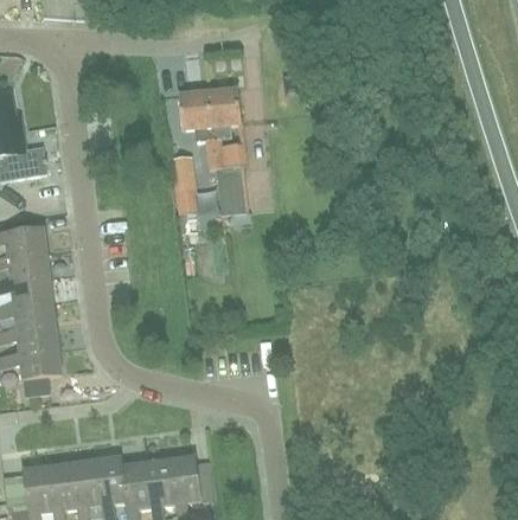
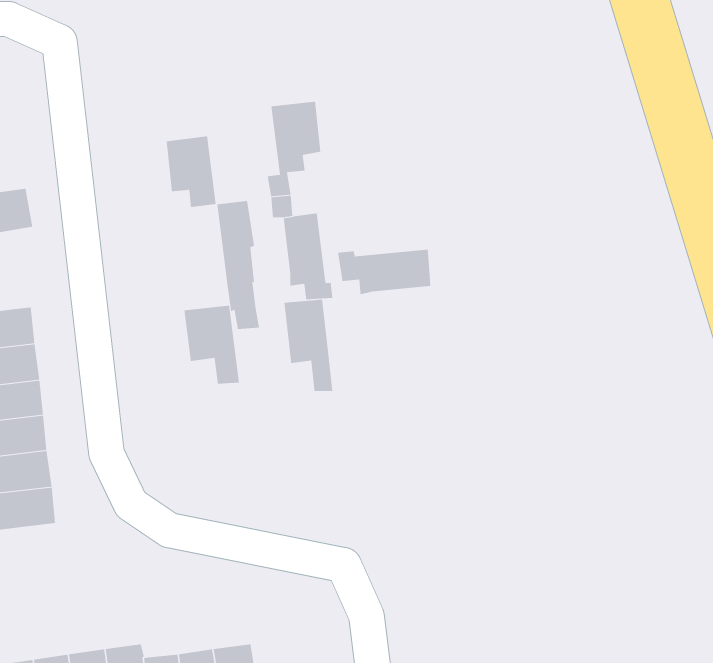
building: [178,91,212,140] -> [166,136,216,208]
building: none -> [338,249,431,295]
building: none -> [284,299,333,392]
building: none -> [184,305,239,385]

